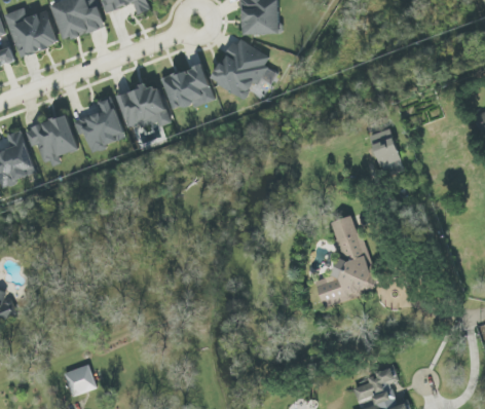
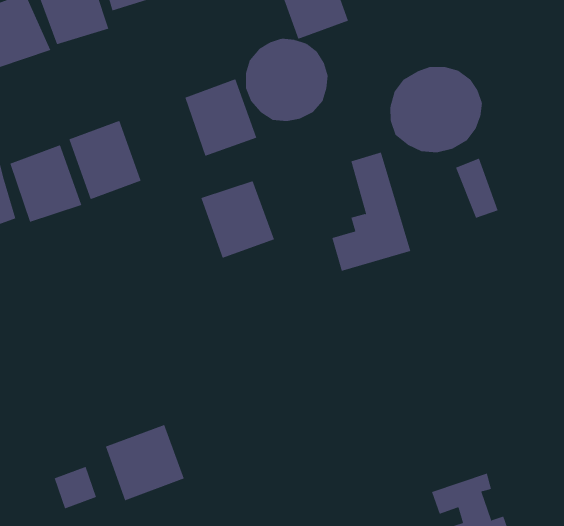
building: none -> [390,66,482,153]
building: [116,81,173,141] -> [201,180,275,258]
building: [315,214,376,305] -> [332,152,411,271]
building: none -> [105,424,184,501]

